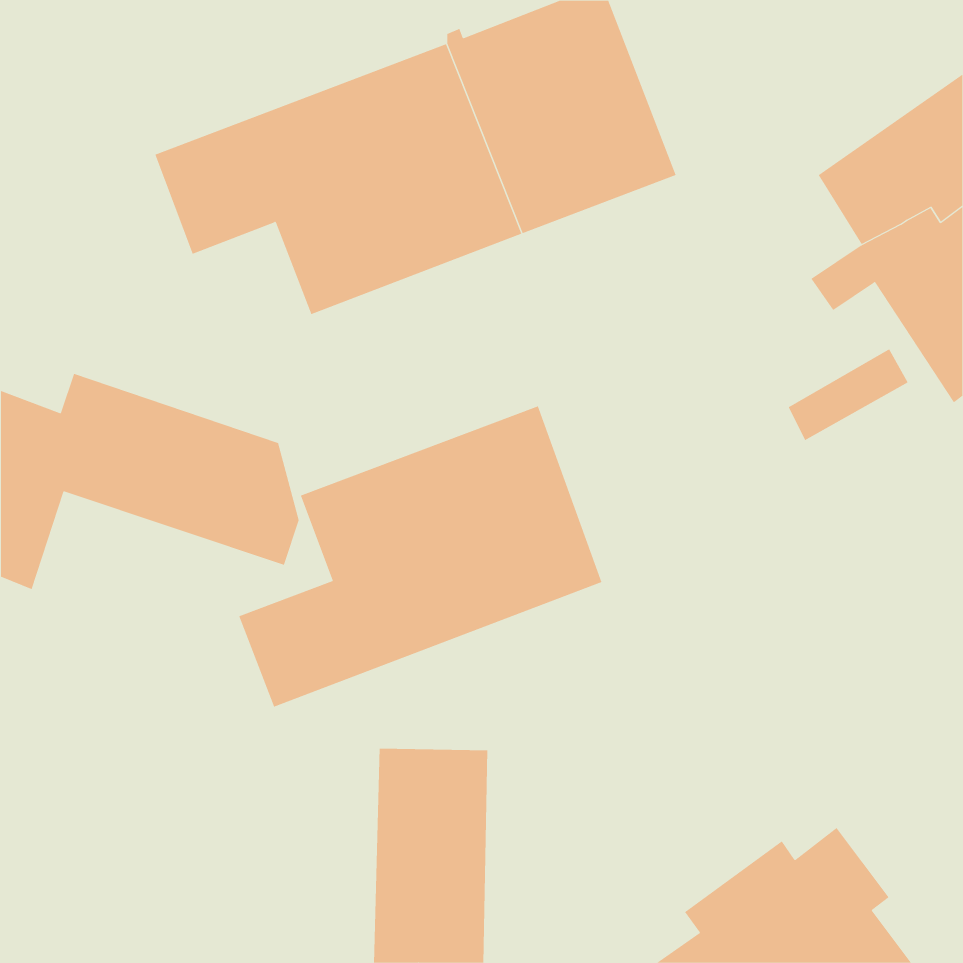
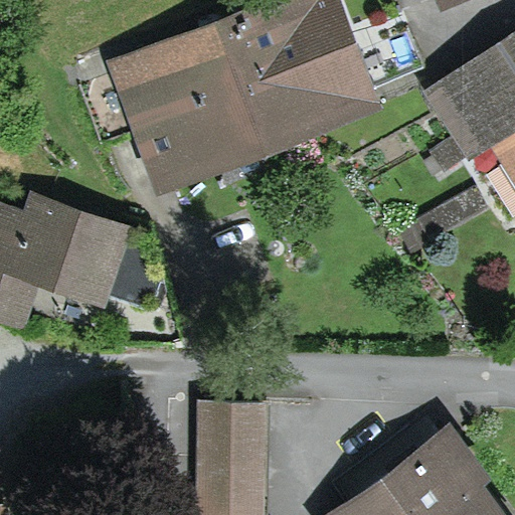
building: [239,405,602,707] -> none

